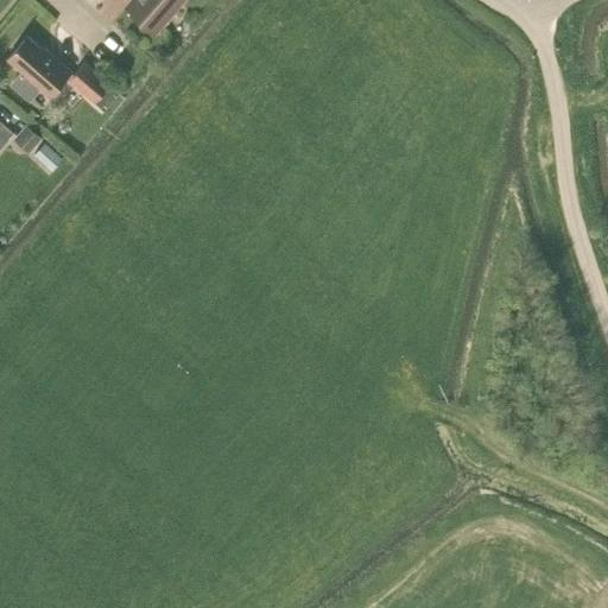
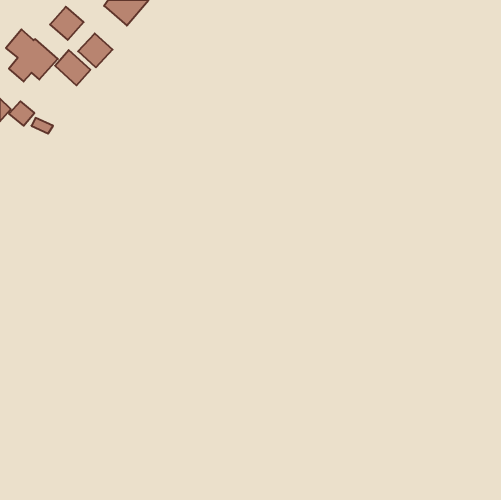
building: none -> [50,7,84,40]
building: none -> [78,33,113,67]

